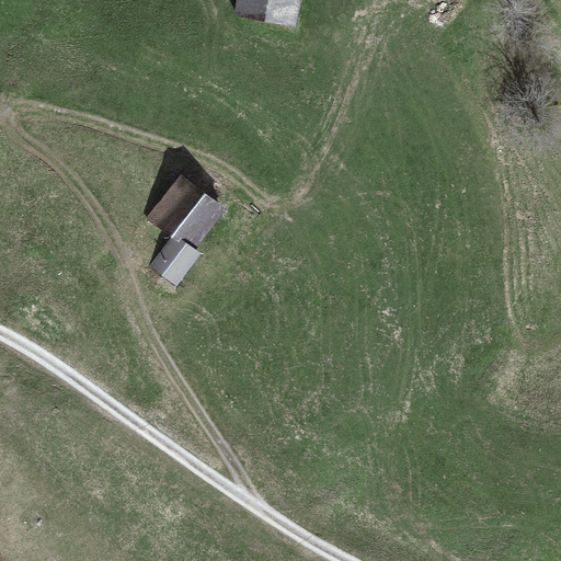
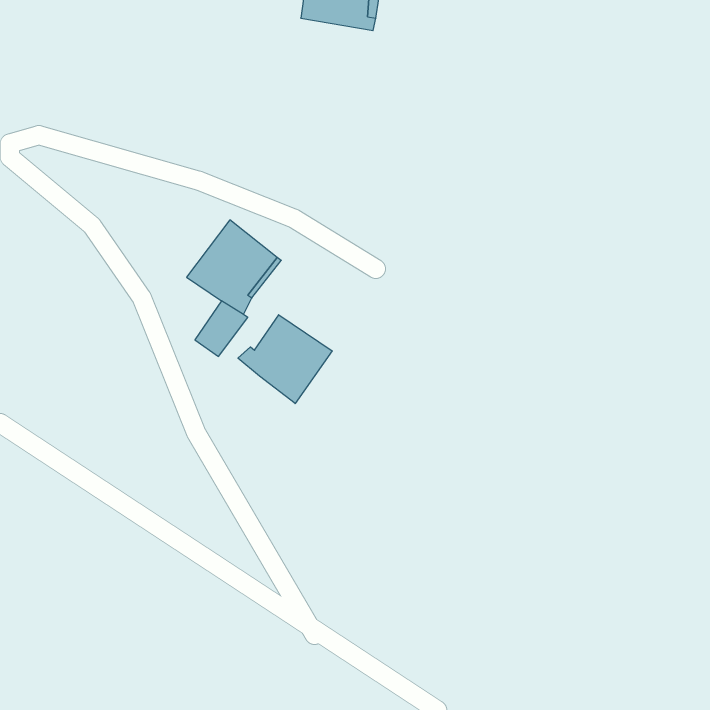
building: none -> [238,315,332,404]

